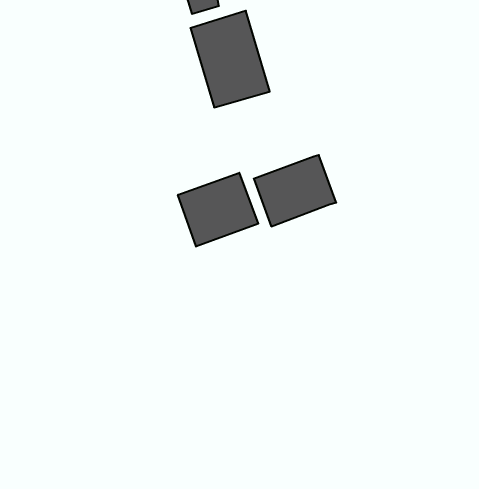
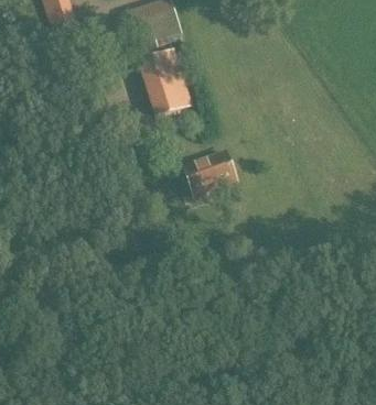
building: [178,173,258,247] -> none

